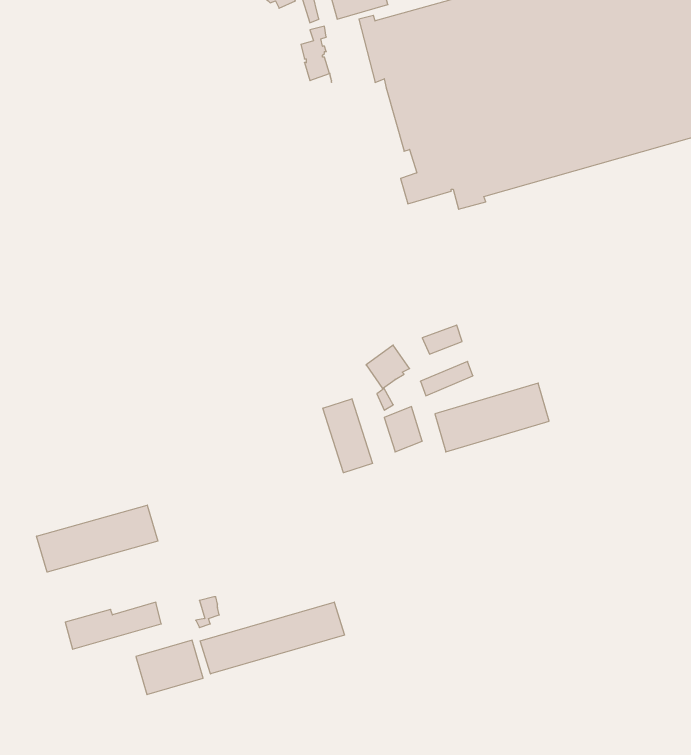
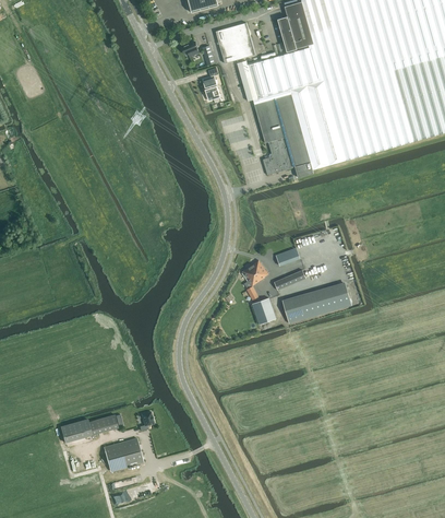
building: [323,399,372,473] -> none
building: [37,505,158,572] -> none
building: [200,602,344,674] -> none

